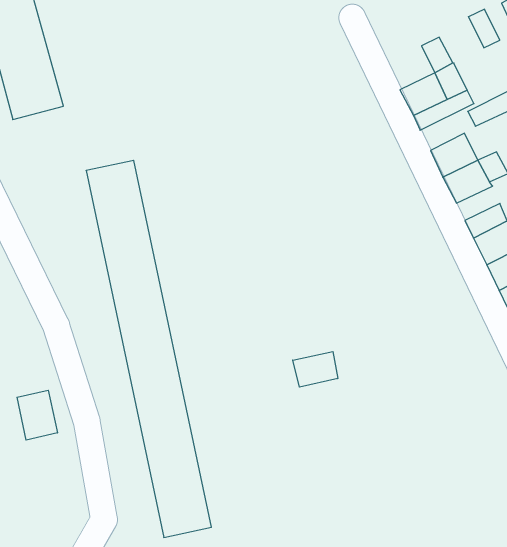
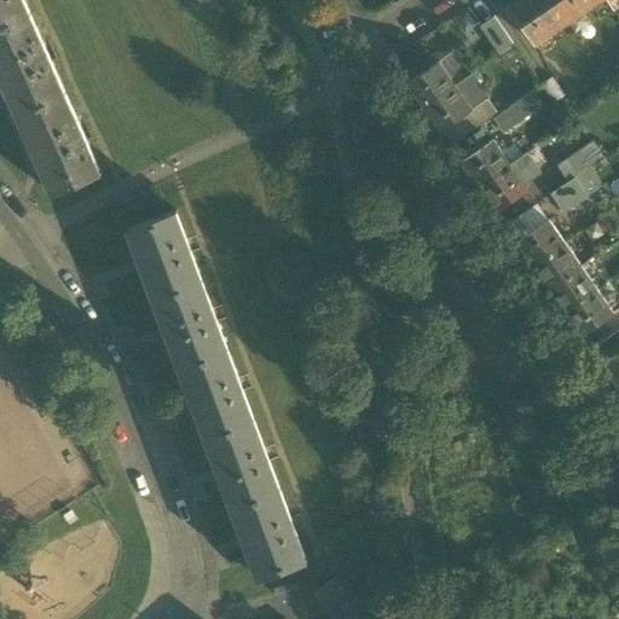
building: none -> [405,64,453,110]
building: [293,352,338,387] -> none
building: [17,390,57,440] -> none

